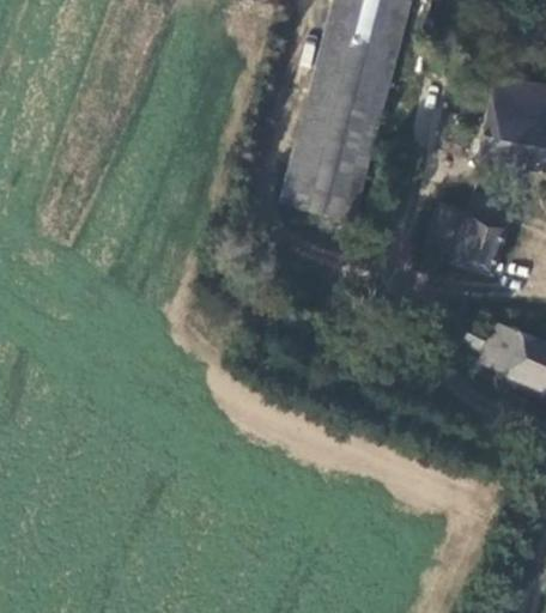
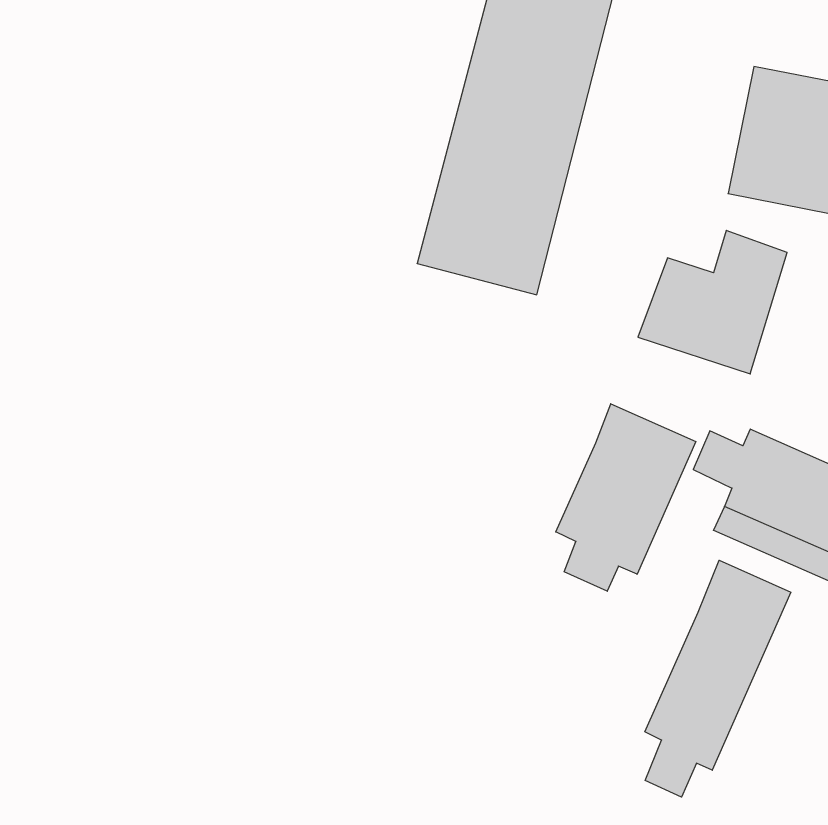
building: none -> [556,404,696,591]
building: none -> [645,560,791,797]

